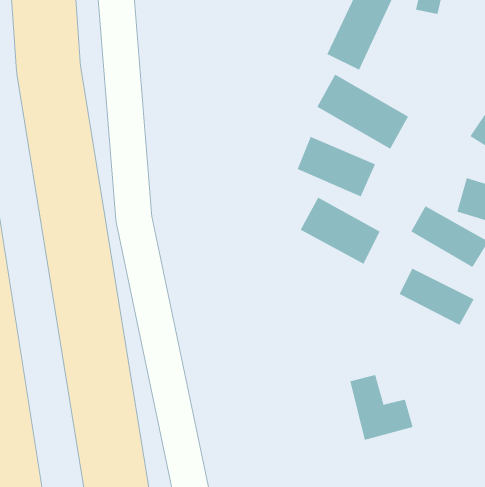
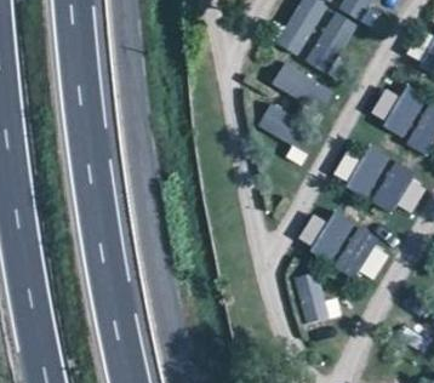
building: none -> [313,12,360,67]
building: [300,197,380,264] -> [302,227,361,276]

